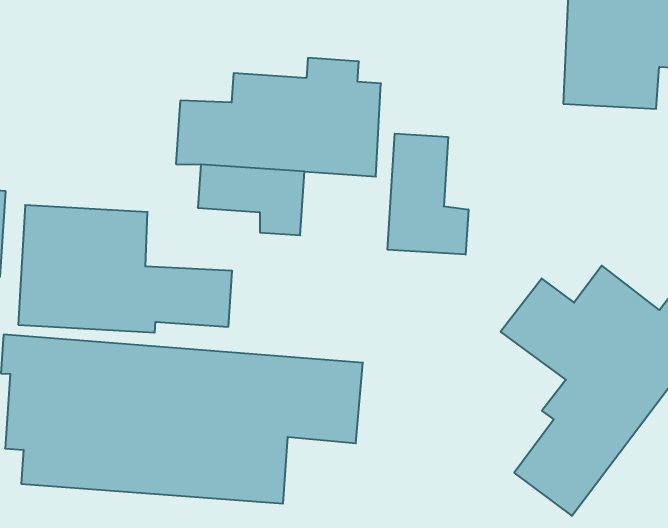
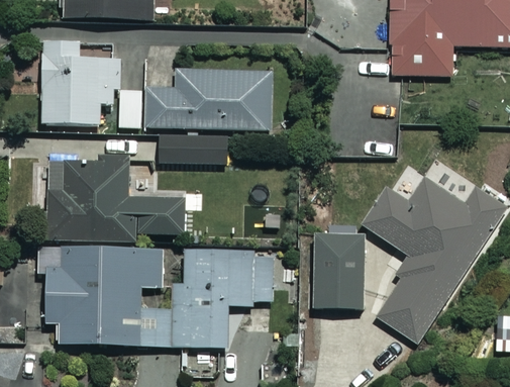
building: none -> [42,39,121,125]
building: [388,134,468,255] -> none
building: none -> [313,236,366,309]

